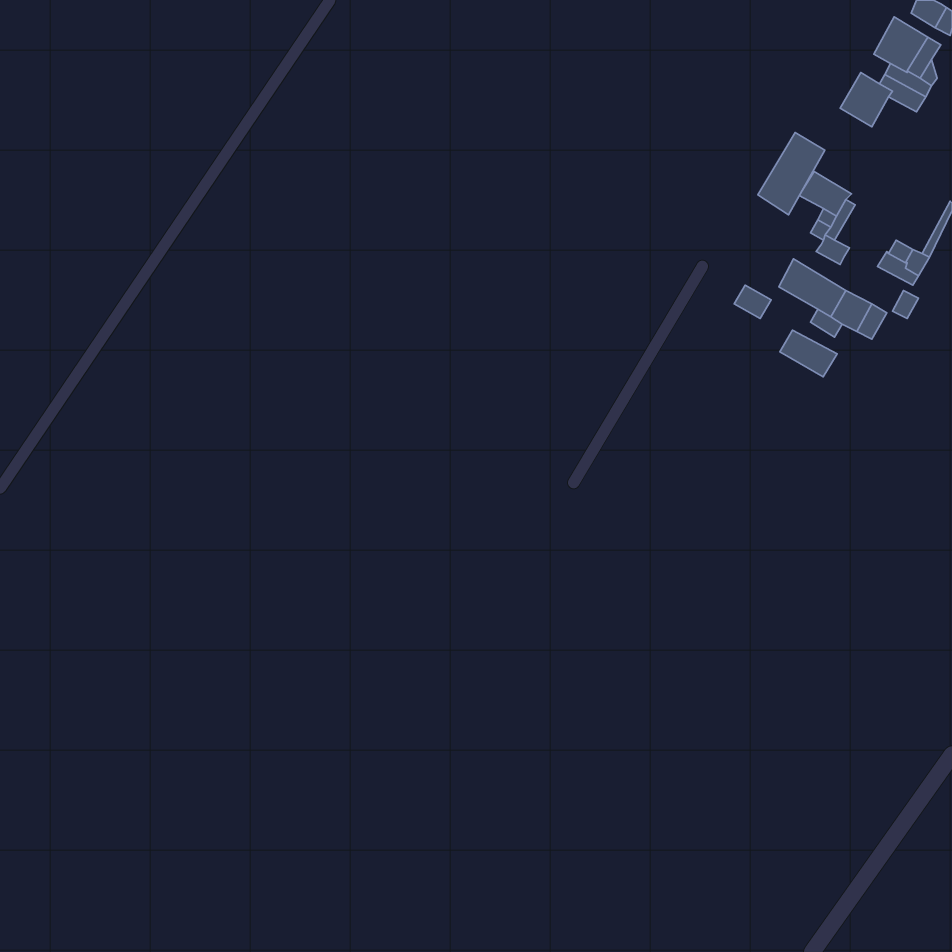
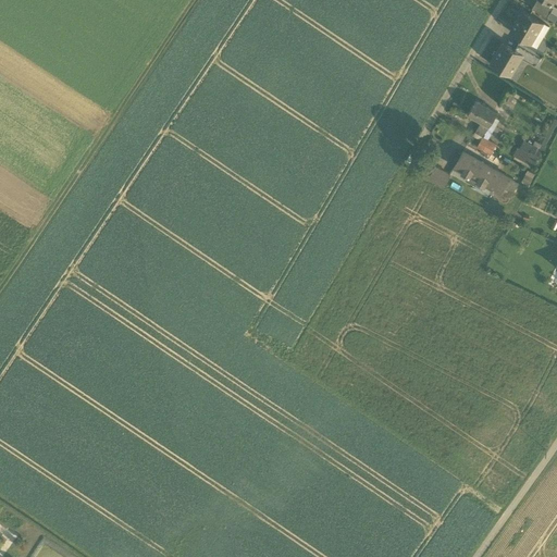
building: [758,132,825,215] -> none
building: [780,330,837,377] -> none

